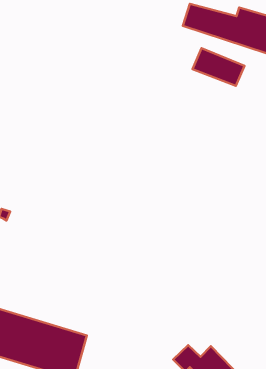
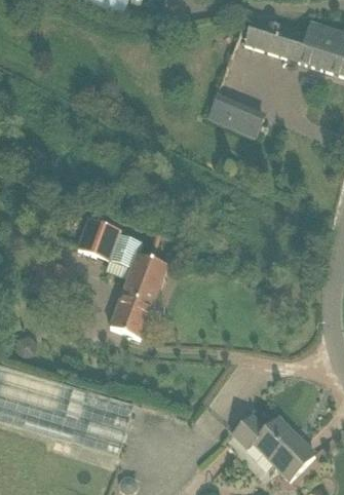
building: [193,48,245,86] -> [203,91,264,136]
building: none -> [76,218,166,338]

